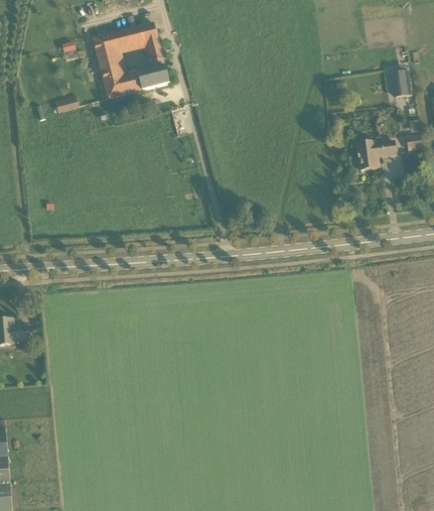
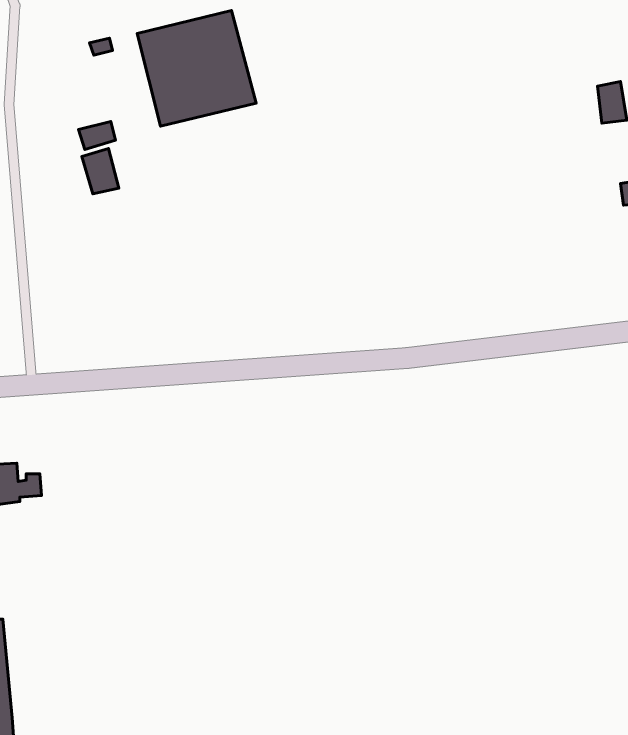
building: none -> [82,148,119,194]
building: [356,141,396,169] -> none

